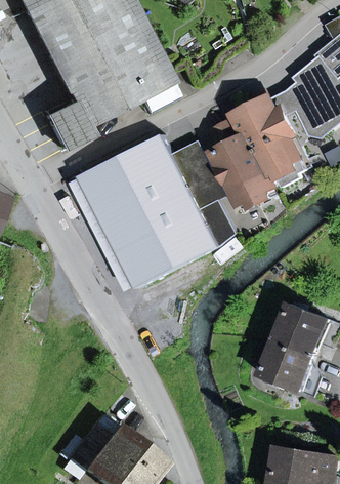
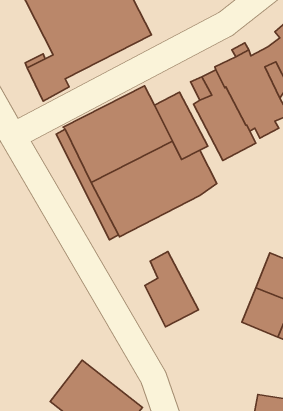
building: none -> [145,251,199,327]

